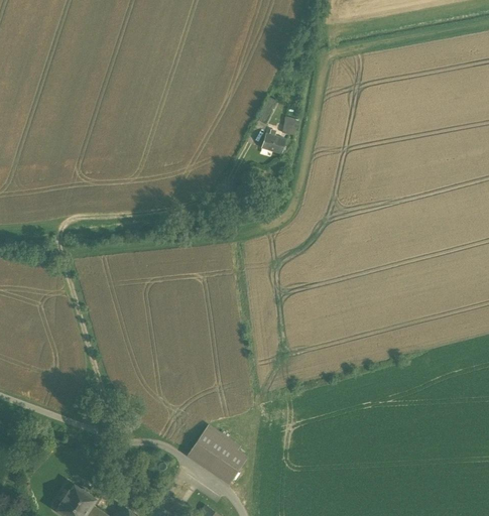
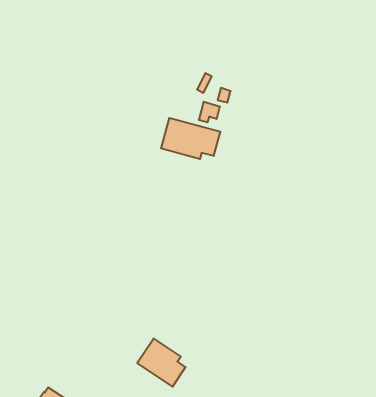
building: none -> [161,118,220,159]

